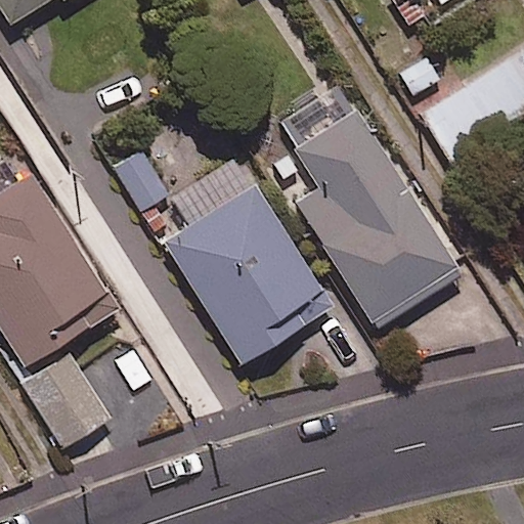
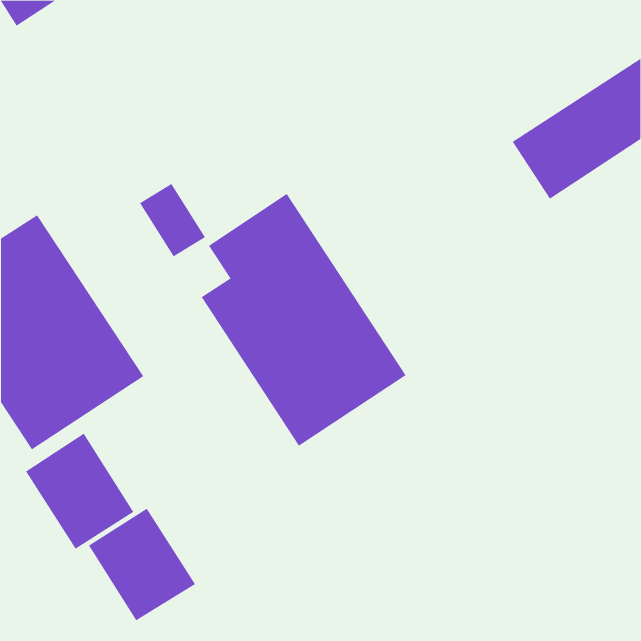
building: [294,108,461,329] -> none
building: none -> [88,508,196,621]

